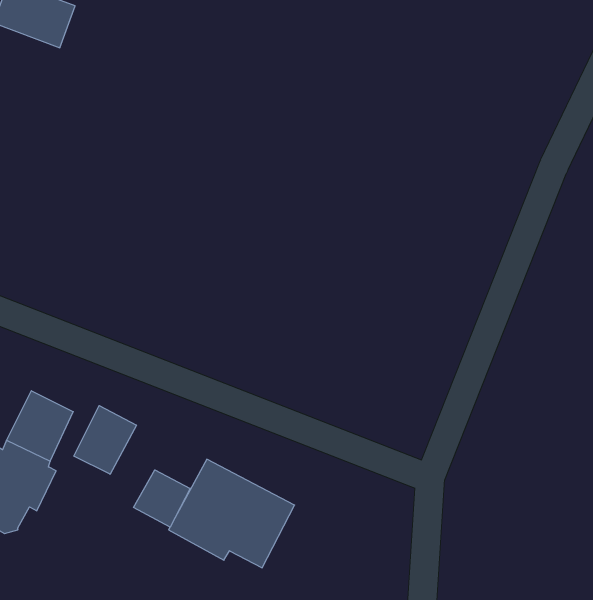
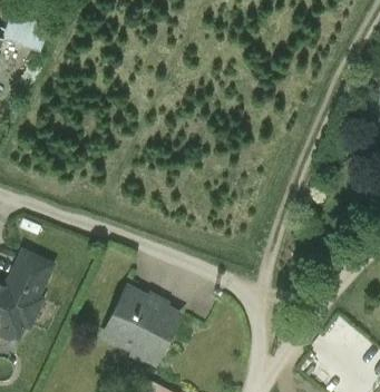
building: [74,406,136,474] -> none
building: [134,470,190,527] -> none

